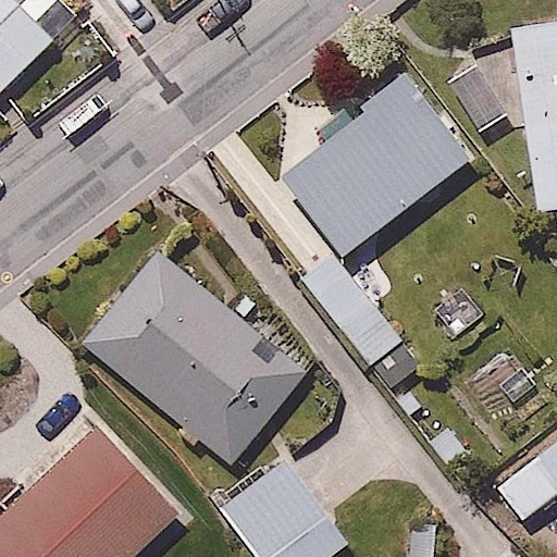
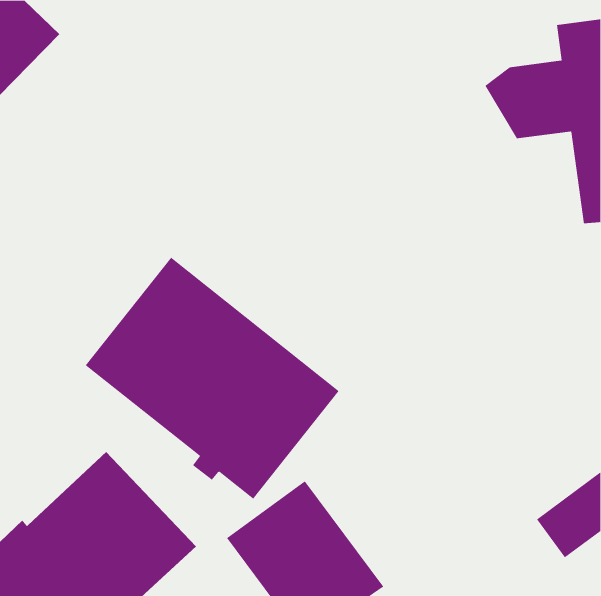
building: [288,75,468,256] -> none

